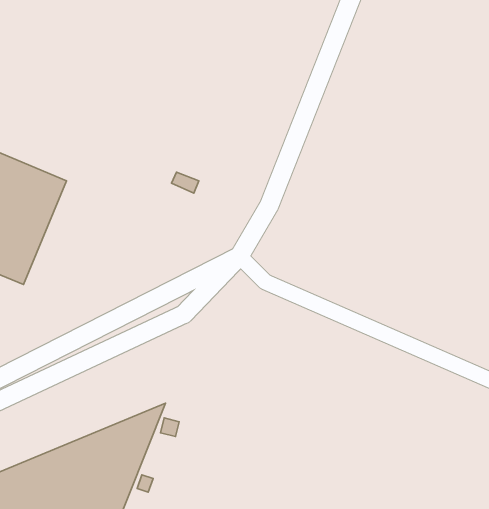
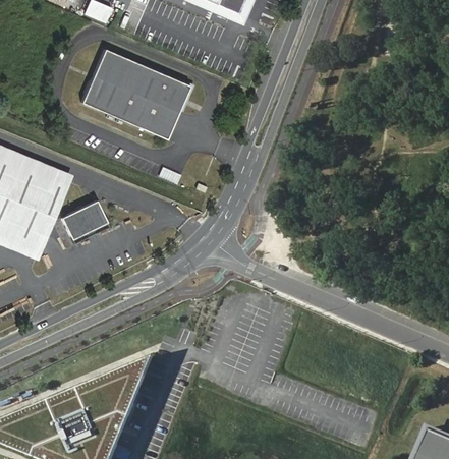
building: none -> [82,49,189,138]
building: none -> [60,200,107,239]

